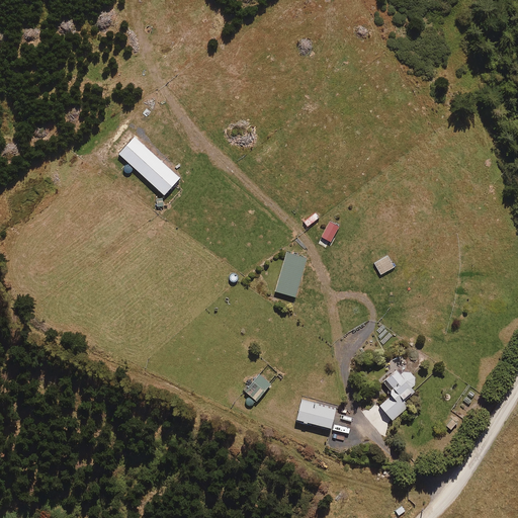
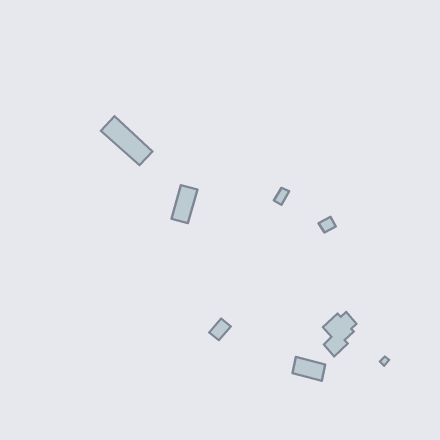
building: [276,251,307,295] -> [172,185,197,223]
building: [296,401,335,429] -> [292,357,325,381]

